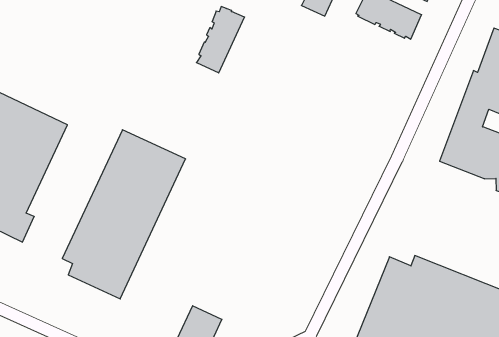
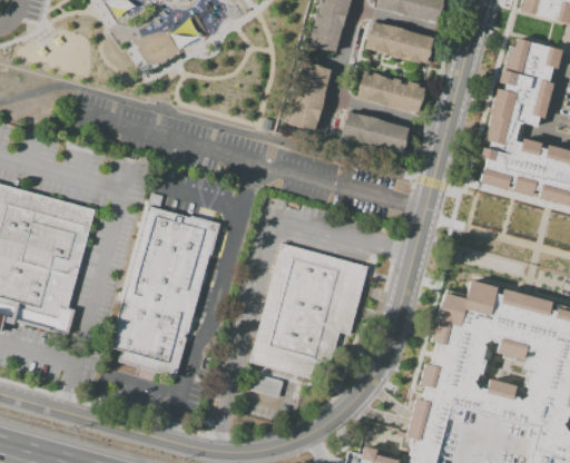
building: [196,7,245,73] -> [292,62,333,130]
building: none -> [358,71,425,114]
building: none -> [341,110,410,154]
building: none -> [252,243,368,381]

